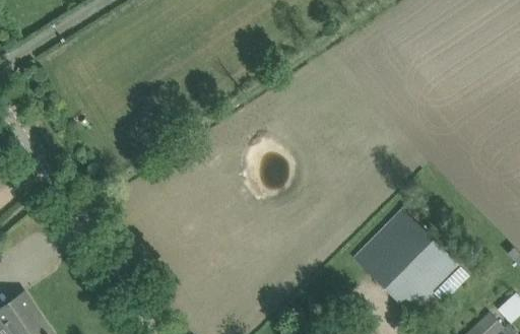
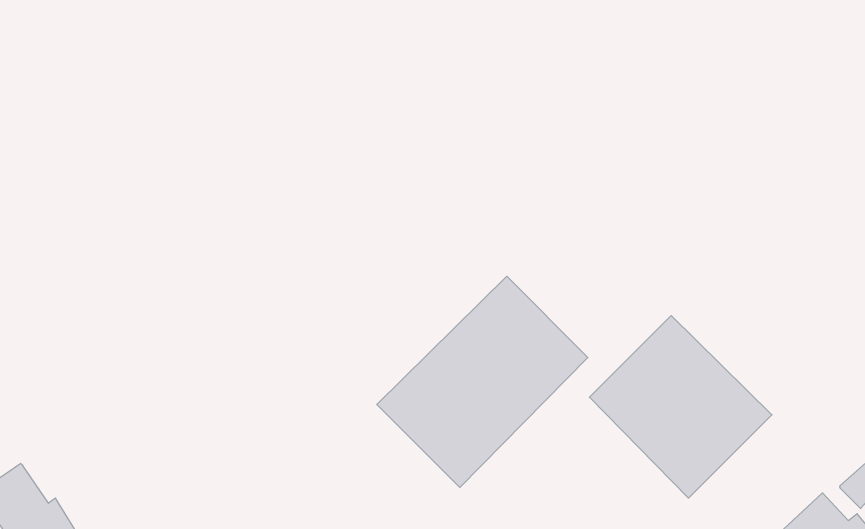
building: none -> [377,276,588,487]

